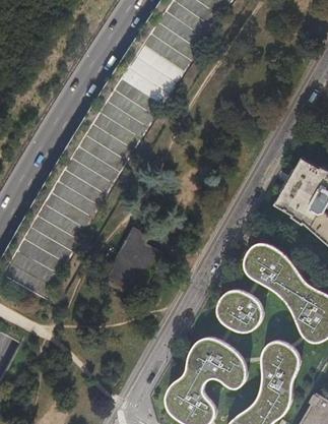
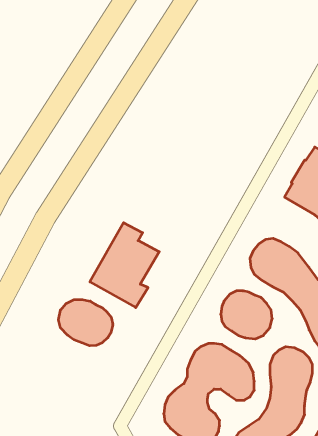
building: none -> [58,300,113,346]

